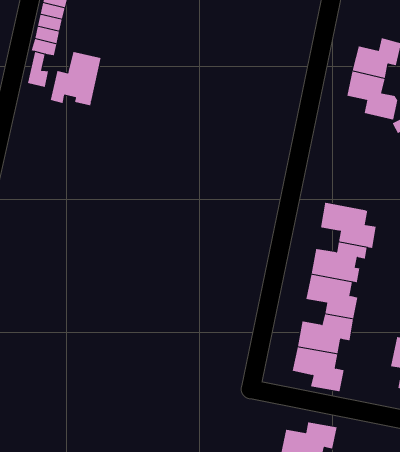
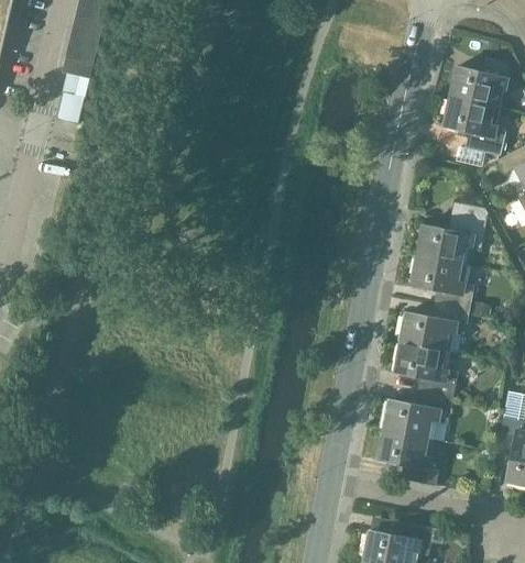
building: [50,51,101,106] -> none
building: none -> [416,202,486,266]

